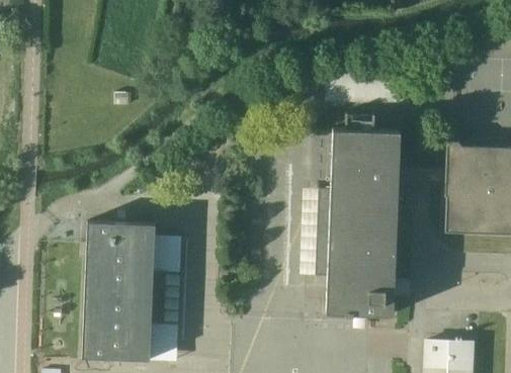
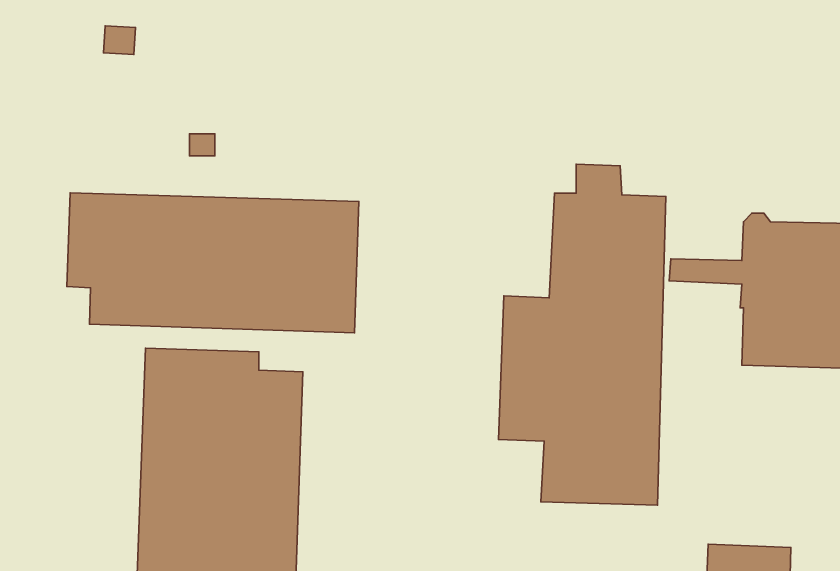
building: none -> [67,193,359,333]

